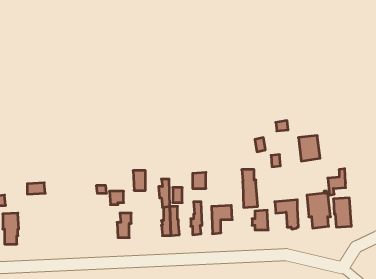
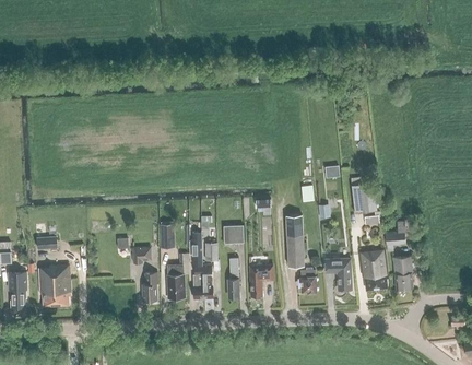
building: none -> [166,263,185,298]
building: none -> [38,264,70,306]

